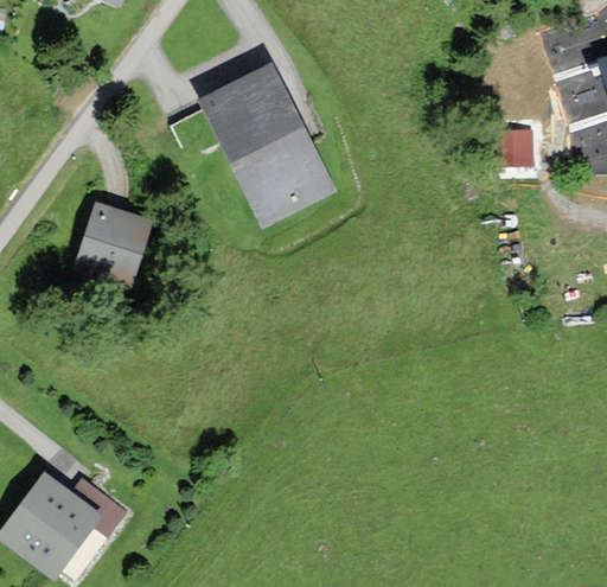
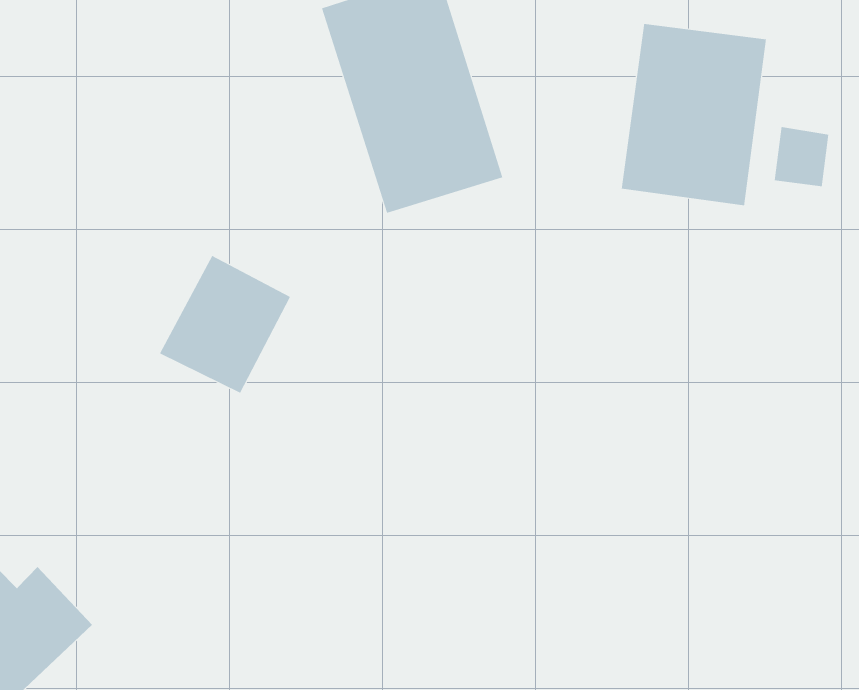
building: none -> [621,23,767,206]
building: [74,203,149,286] -> [159,255,291,394]

